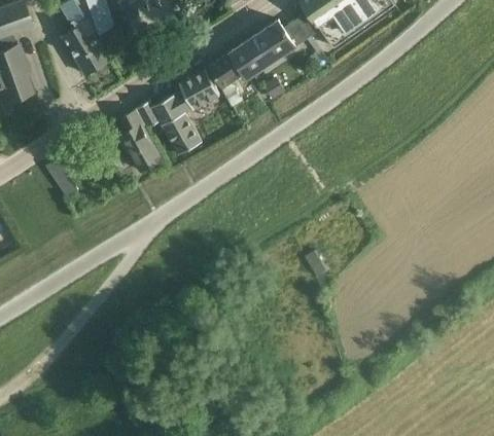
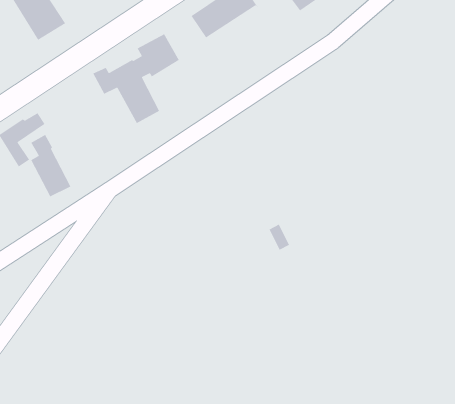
building: [209,52,245,107] -> none
building: [122,110,162,171] -> [30,134,71,198]

